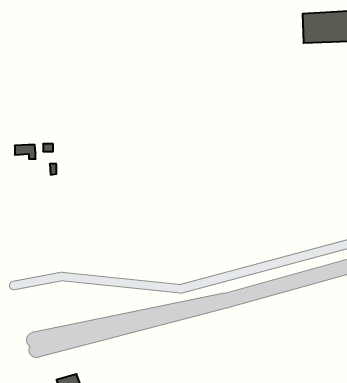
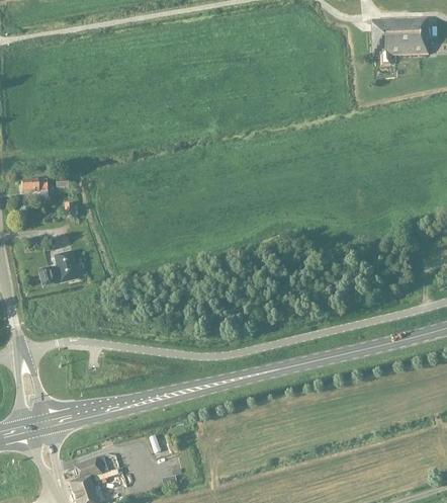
building: none -> [40,252,80,287]

